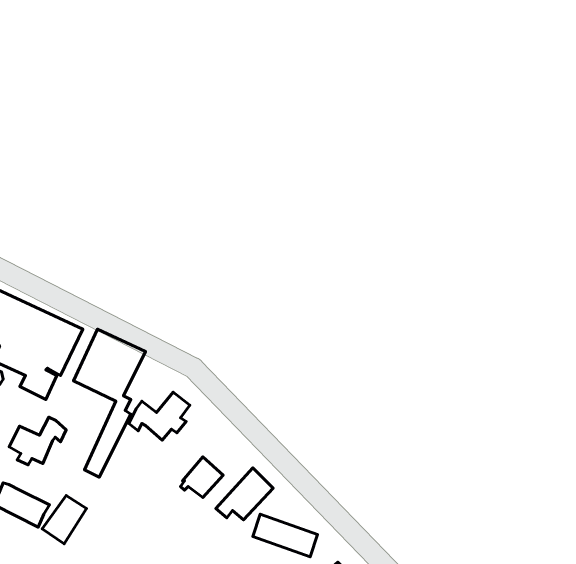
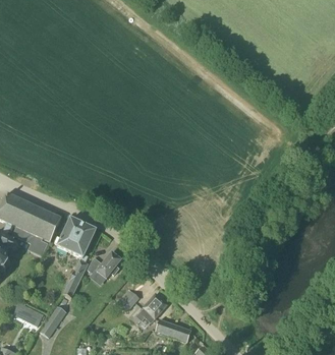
building: [9,417,66,465] -> none

